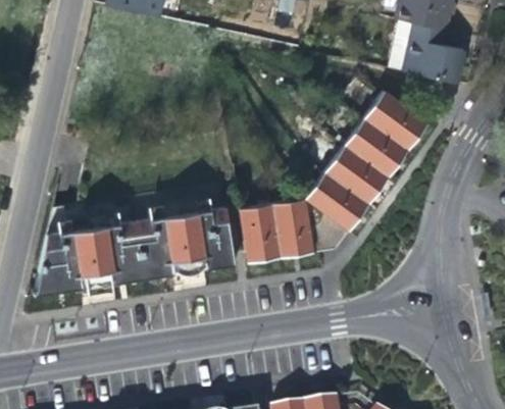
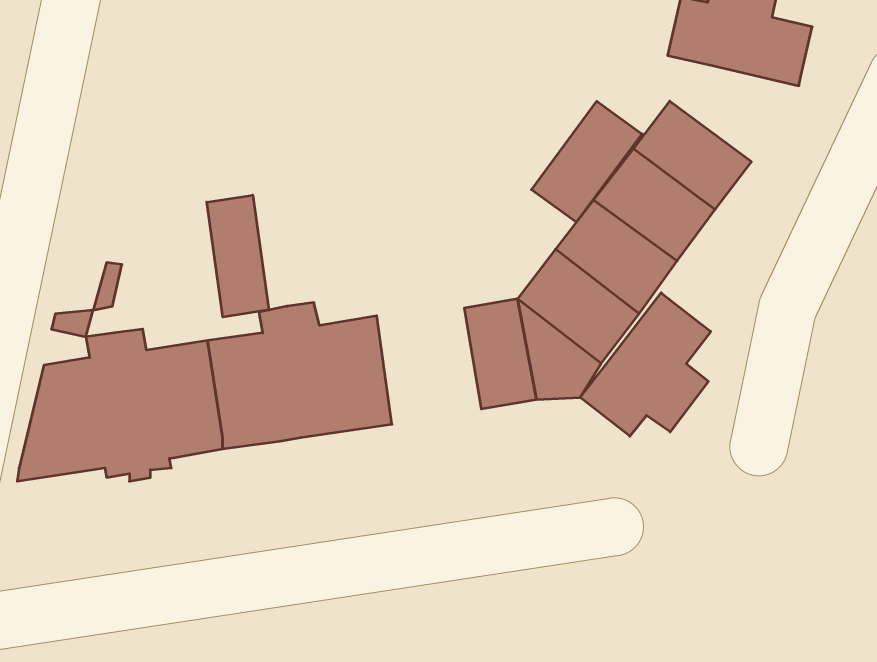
building: none -> [531,101,642,222]
building: none -> [207,195,269,317]
building: none -> [580,293,711,436]
building: [242,200,286,260] -> none

